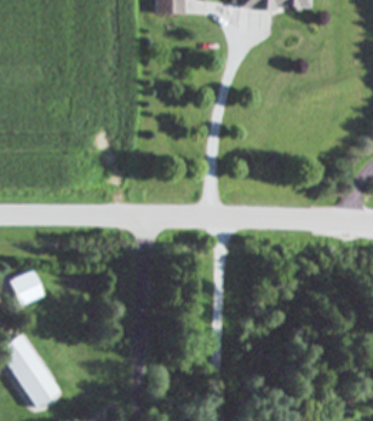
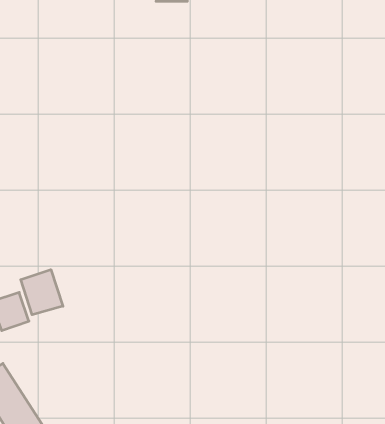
building: none -> [21,270,63,315]

